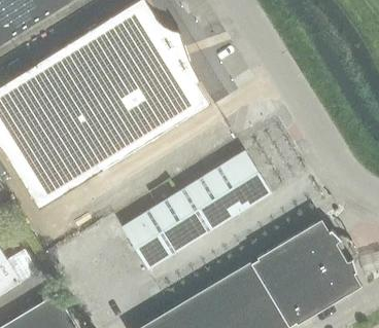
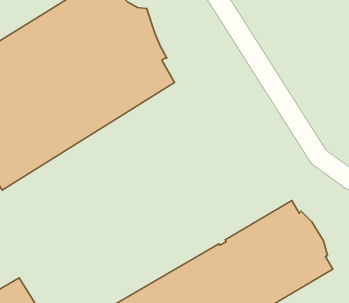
building: [120,151,270,270] -> none

